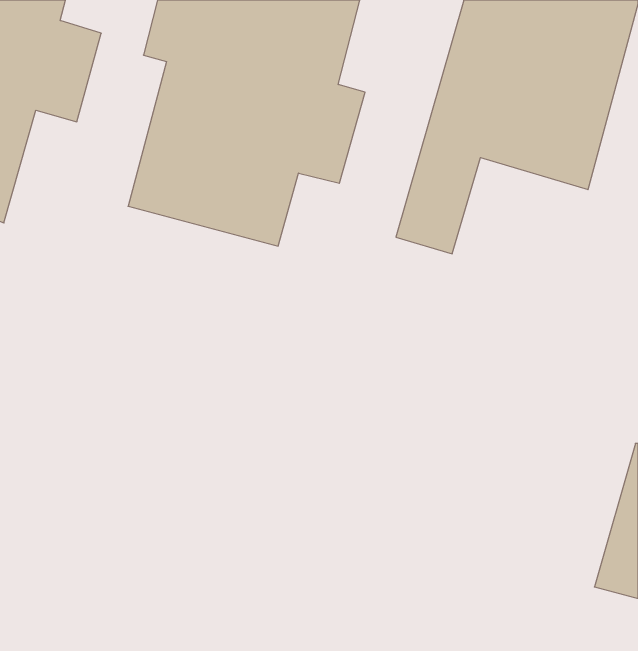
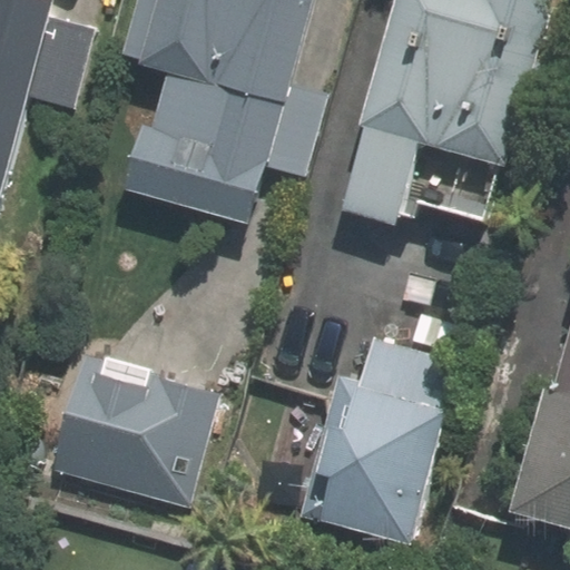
building: none -> [295,344,458,550]
building: none -> [52,350,217,495]

